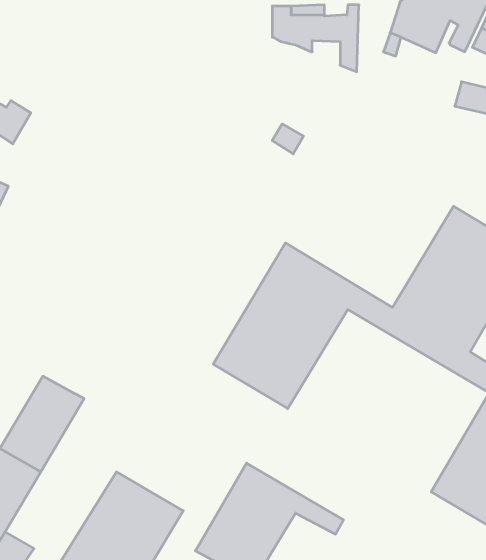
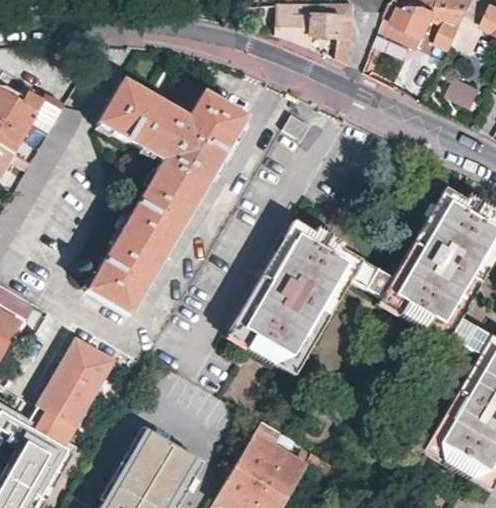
building: none -> [85,80,246,318]

